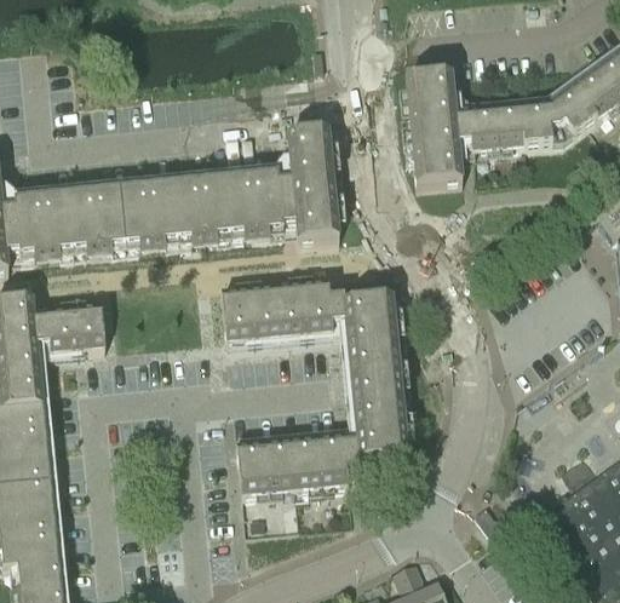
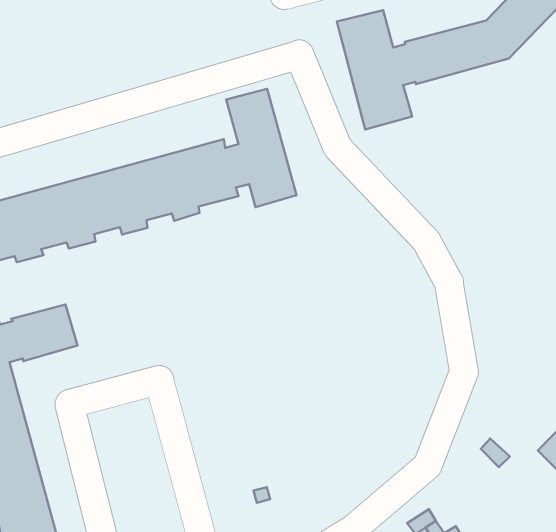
building: [222,275,408,496] -> none

